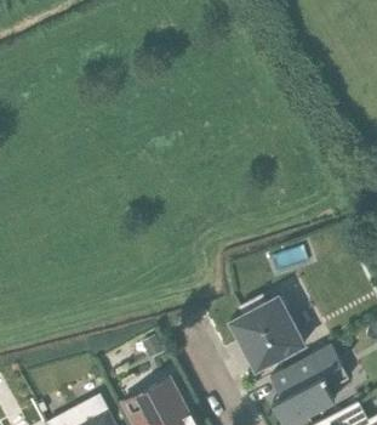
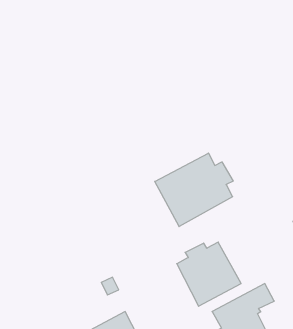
building: none -> [155,153,233,227]

